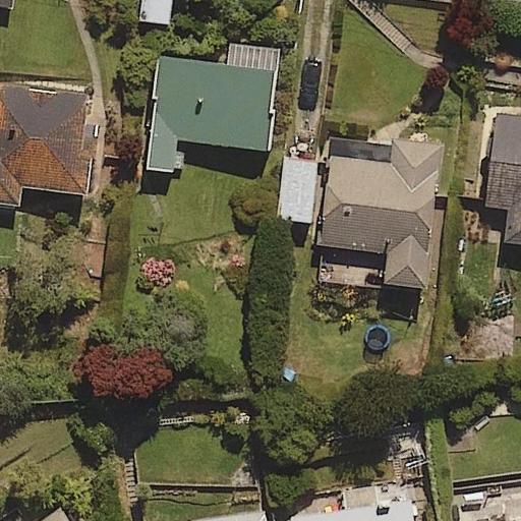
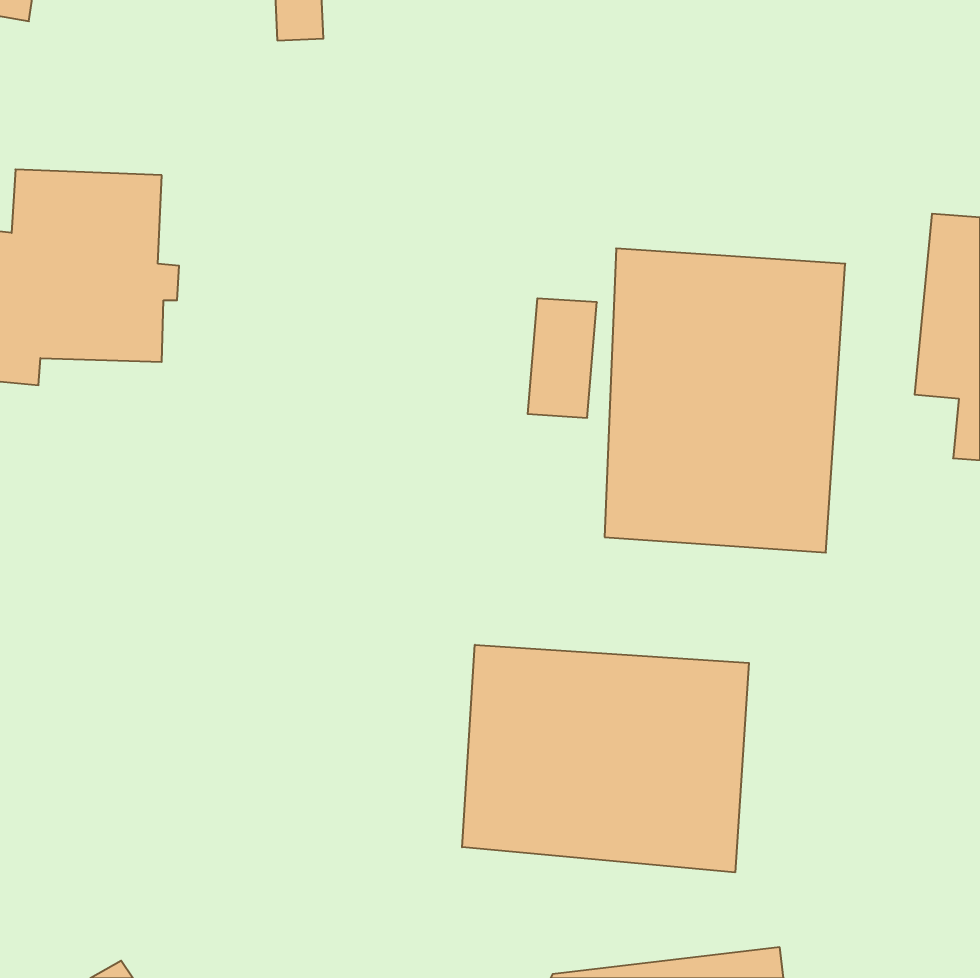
building: [149,48,278,171] -> none
building: none -> [462,645,749,872]

